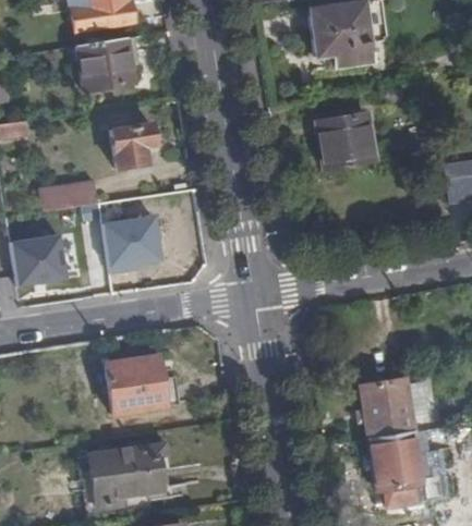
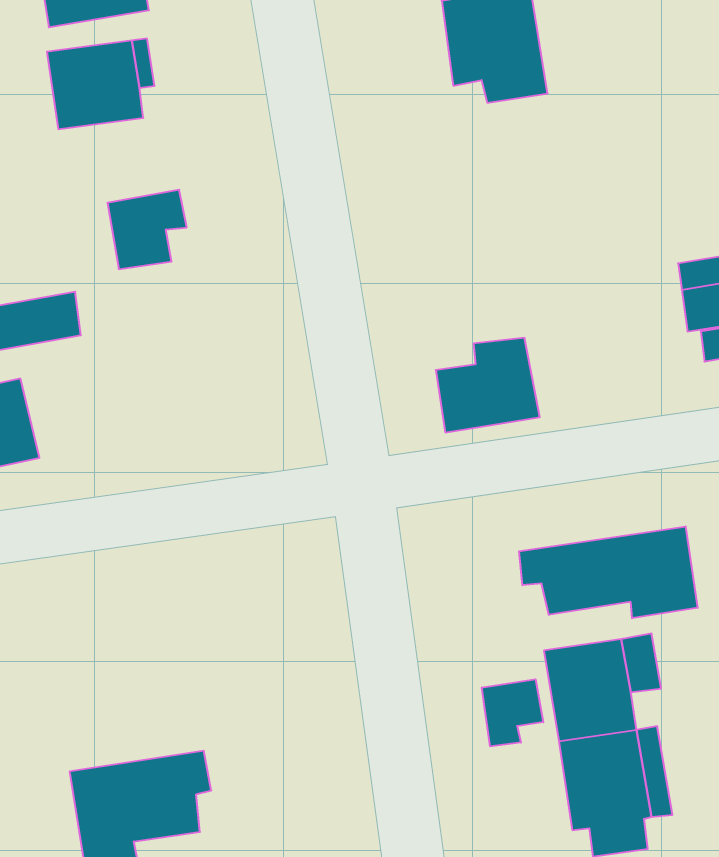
building: [314,115,374,170] -> [436,338,540,432]
building: [101,211,165,270] -> none
building: none -> [519,526,698,618]
building: [107,356,167,414] -> none
building: none -> [482,679,543,746]

